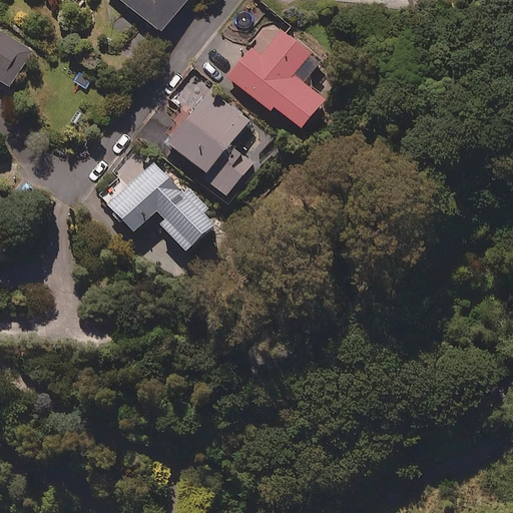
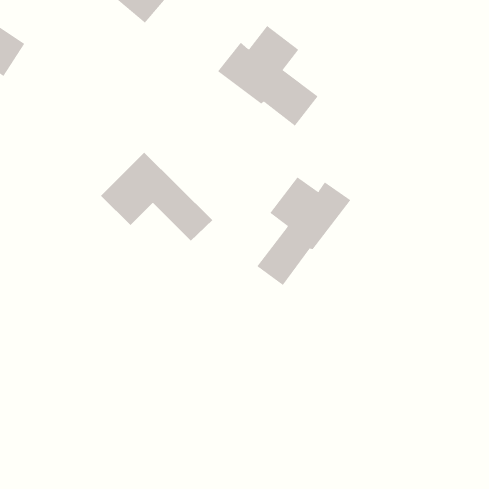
building: [158,85,276,201] -> none
building: none -> [257,176,351,286]

